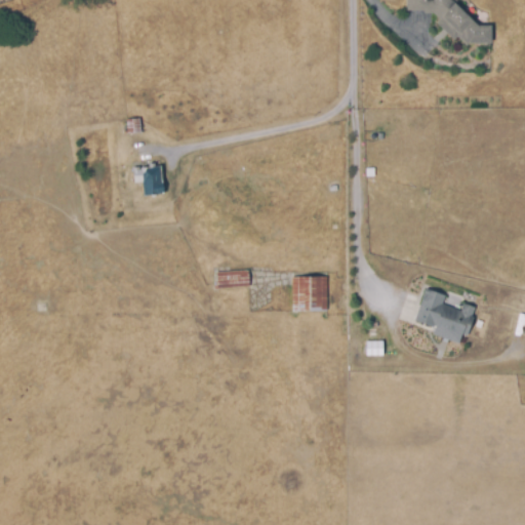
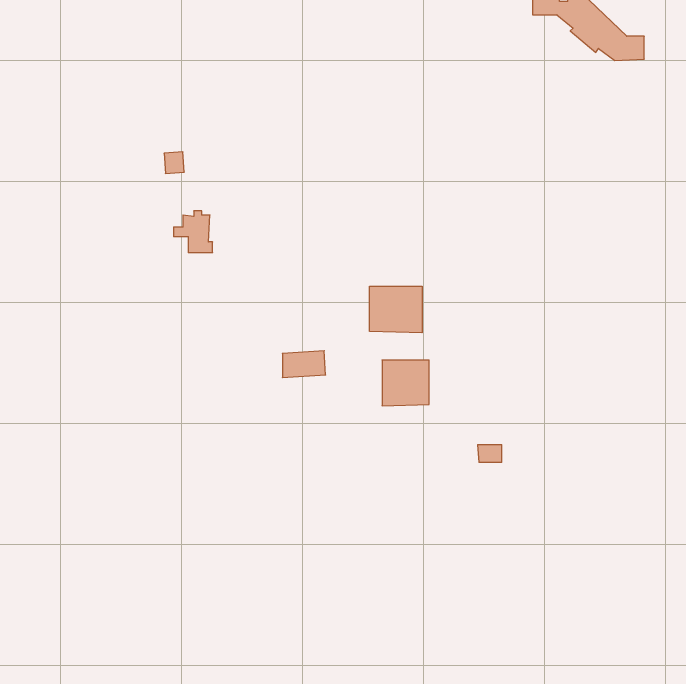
building: none -> [370,286,422,333]
building: [416,286,477,339] -> none

